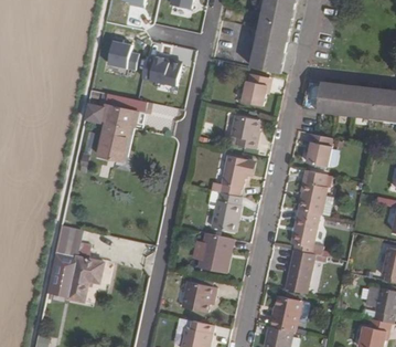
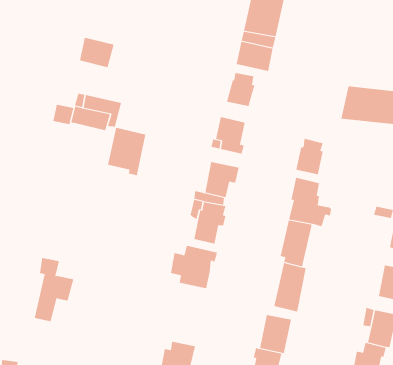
building: [141,56,181,85] -> none
building: [301,81,352,116] -> none
building: [97,120,132,165] -> [107,127,146,176]
building: [46,225,82,296] -> none
building: [181,280,216,311] -> none

